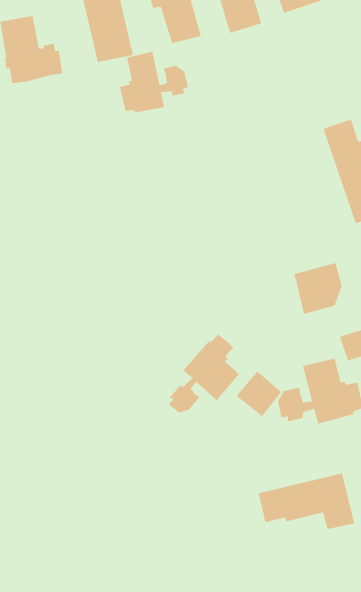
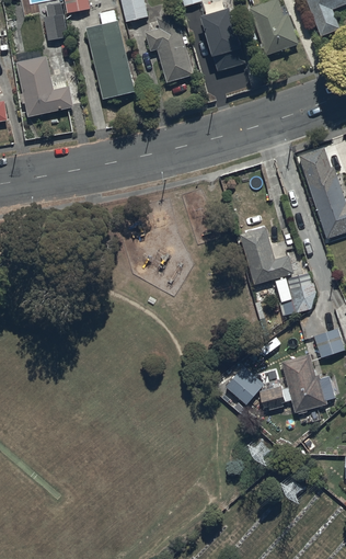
building: [119,51,189,114] -> none
building: none -> [238,227,293,285]
building: [168,334,240,413] -> none
building: [258,473,355,530] -> none

